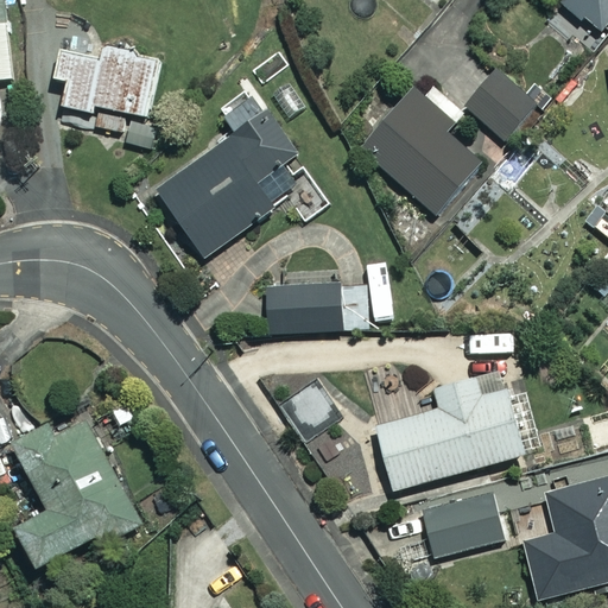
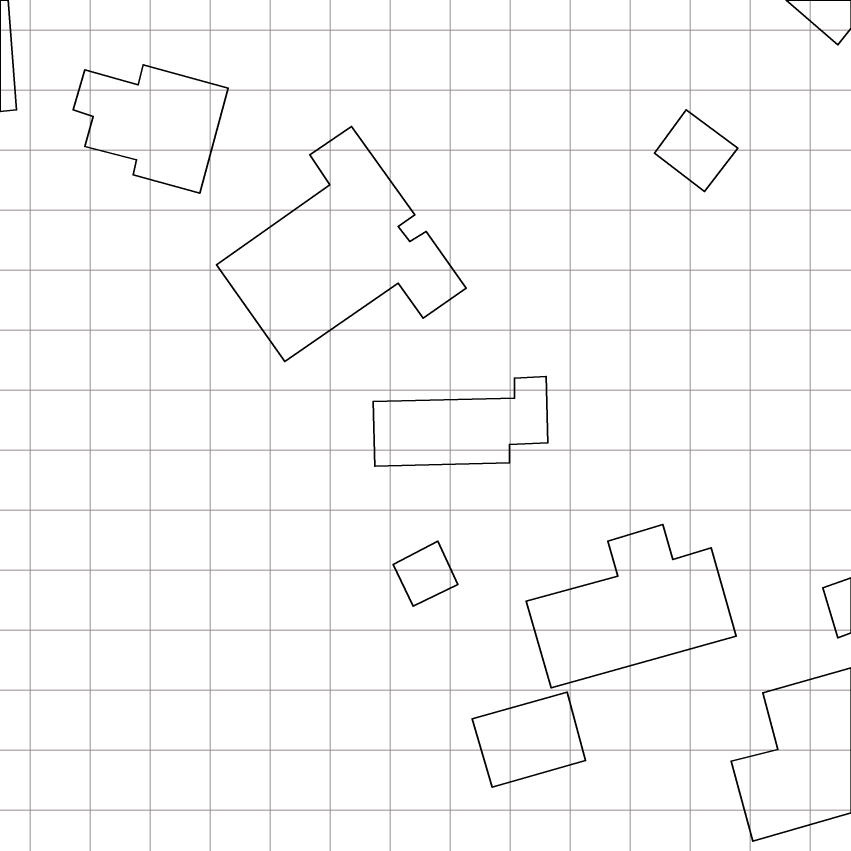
building: [362,90,479,214] -> none
building: [12,410,141,568] -> none
building: [422,492,502,559] -> [472,692,585,787]

